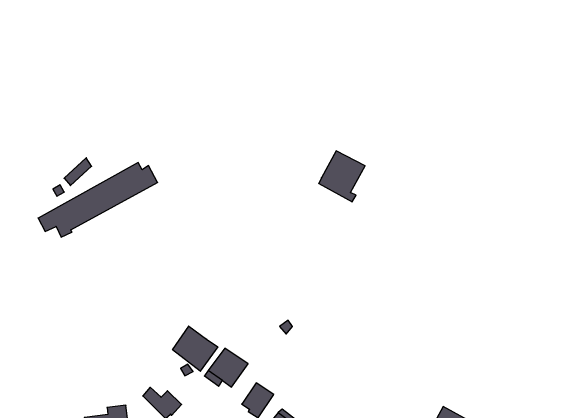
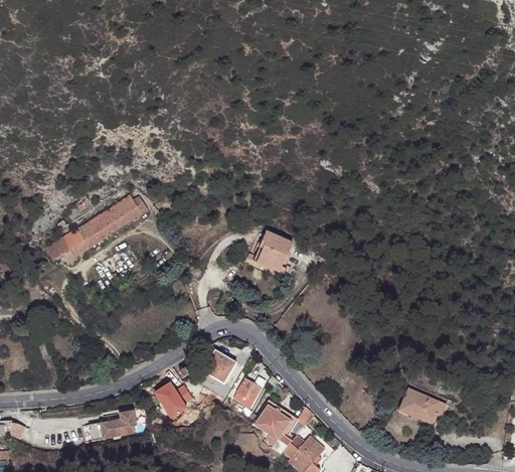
building: [319,151,365,202] -> [253,230,293,274]
building: [173,326,218,371] -> none

